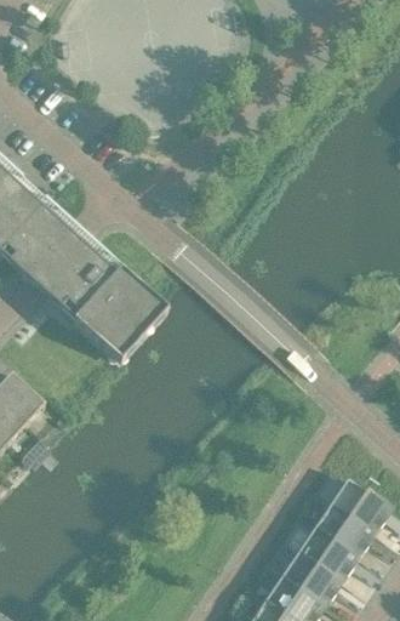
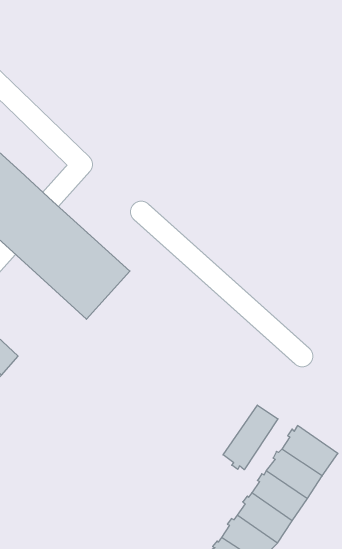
building: none -> [223,405,278,470]

